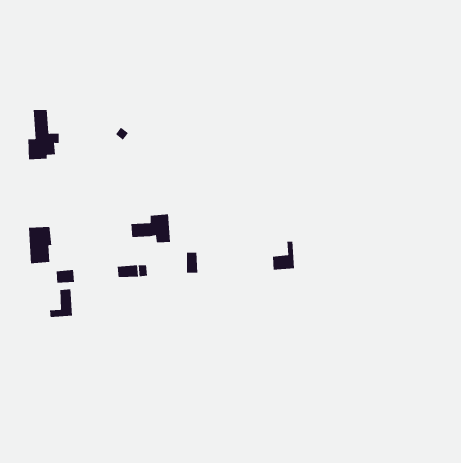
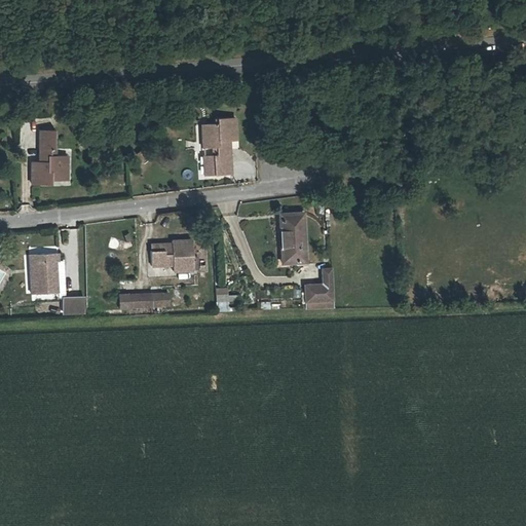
building: none -> [201,112,235,171]
building: none -> [277,210,306,261]
building: [49,289,73,318] -> none

